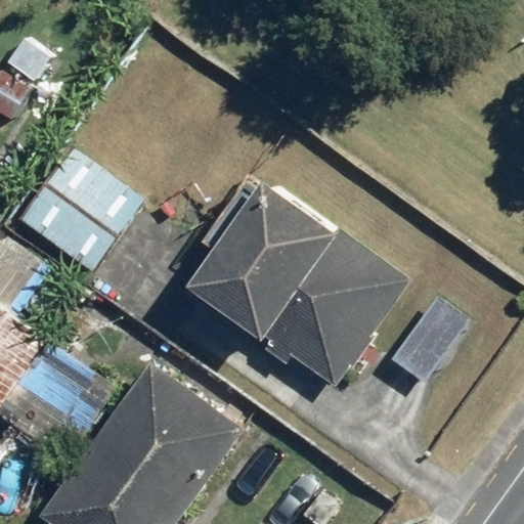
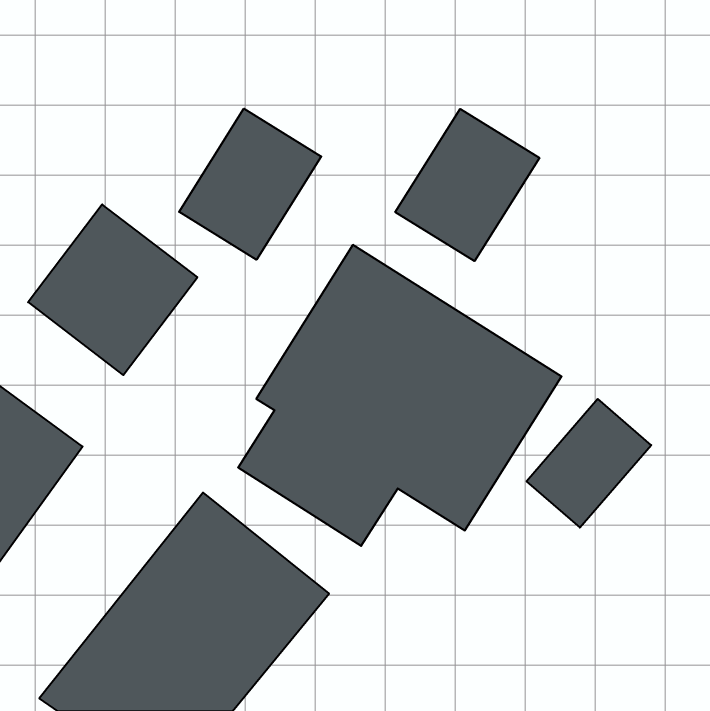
building: none -> [179,109,321,260]
building: none -> [395,109,539,261]

